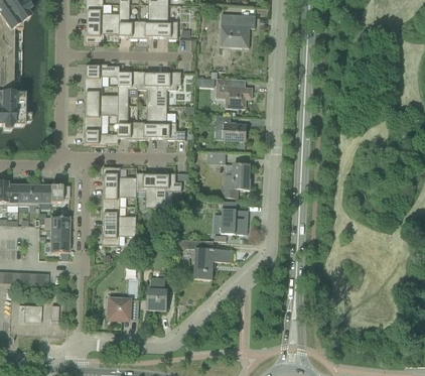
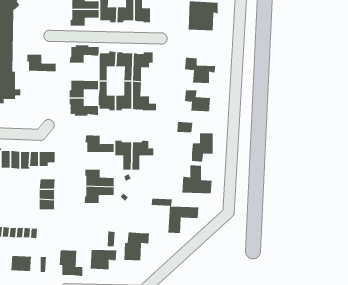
building: [84,85,118,105] -> [26,54,56,72]
building: [102,186,136,206] -> none
building: none -> [59,249,83,277]

